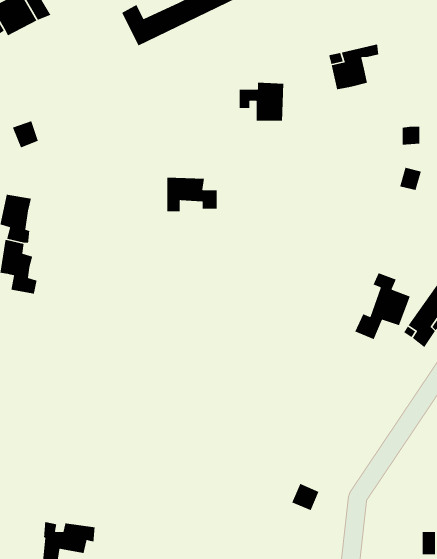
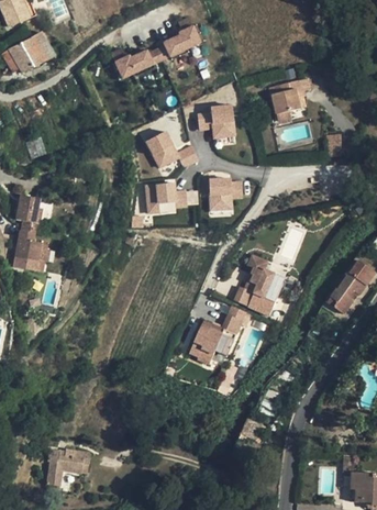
building: none -> [145,129,196,165]
building: none -> [207,179,239,209]
building: [354,272,411,340] -> [232,257,276,310]
building: none -> [188,317,242,365]

